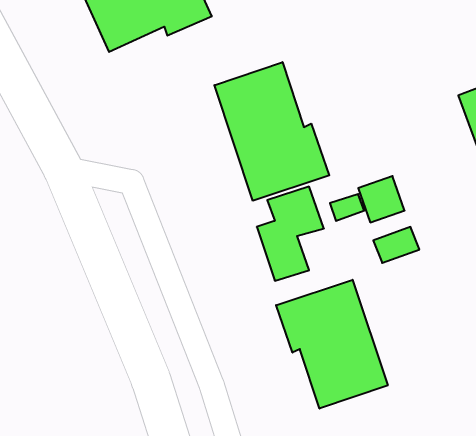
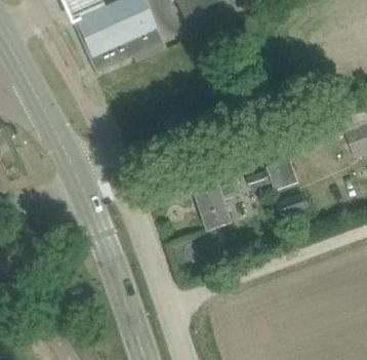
building: [214,62,329,201] -> none
building: [276,280,388,409] -> none

